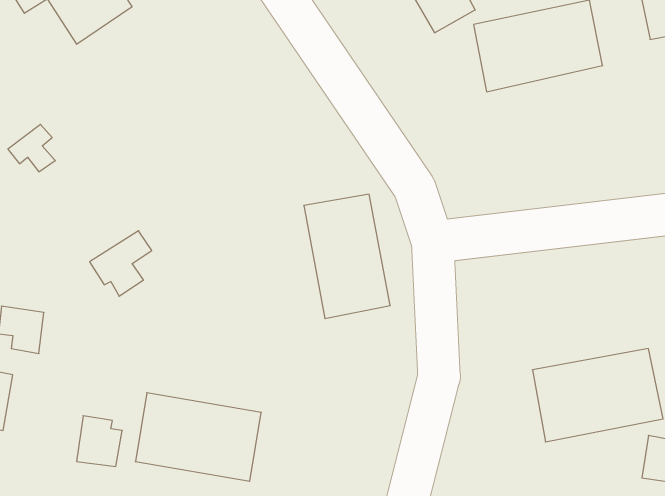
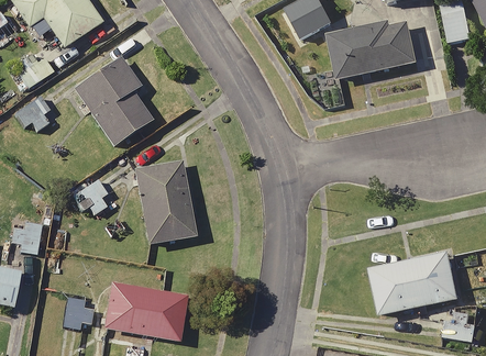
building: none -> [74,56,152,144]
building: [304,194,390,319] -> [135,160,194,244]

